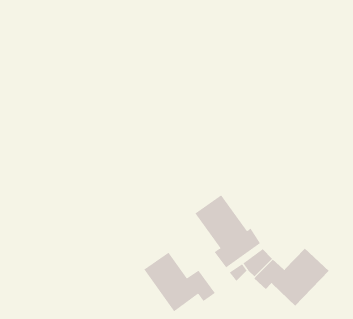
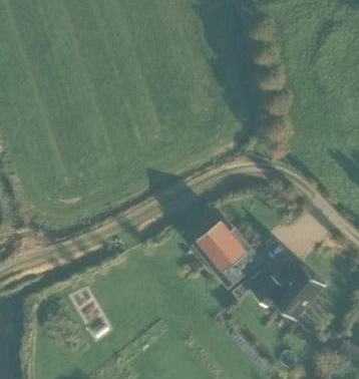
building: [143,252,216,312] -> none

